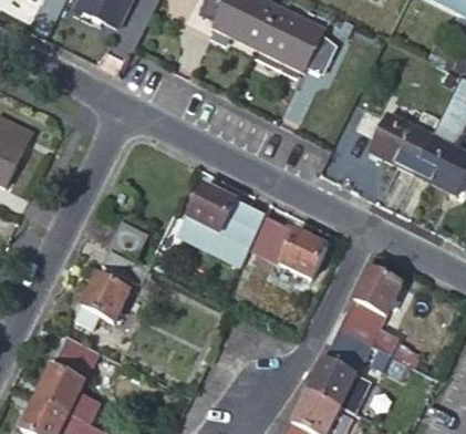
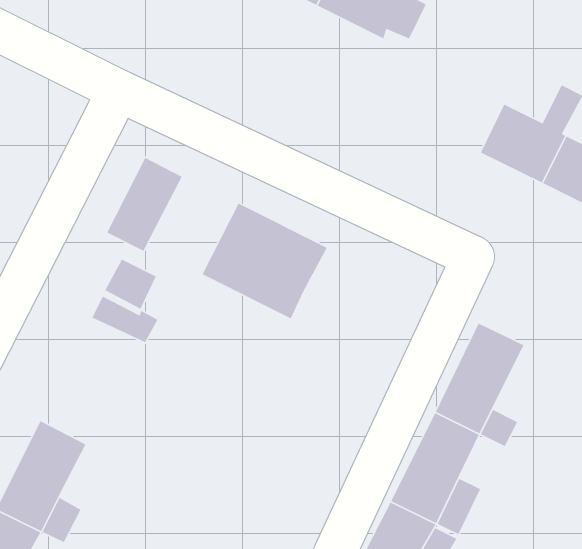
building: none -> [106,157,183,252]
building: [249,215,328,278] -> none
building: [75,272,130,328] -> none

